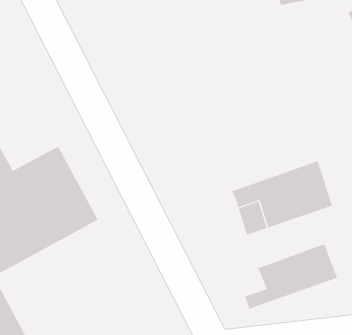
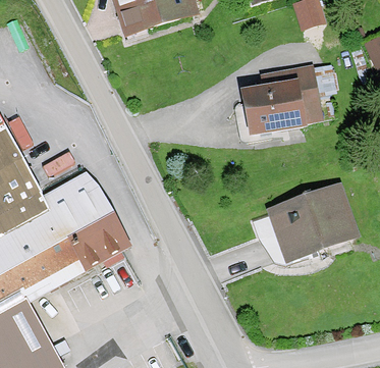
building: none -> [246,68,317,134]
building: [245,243,338,310] -> none

